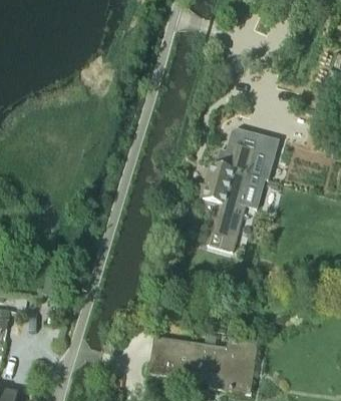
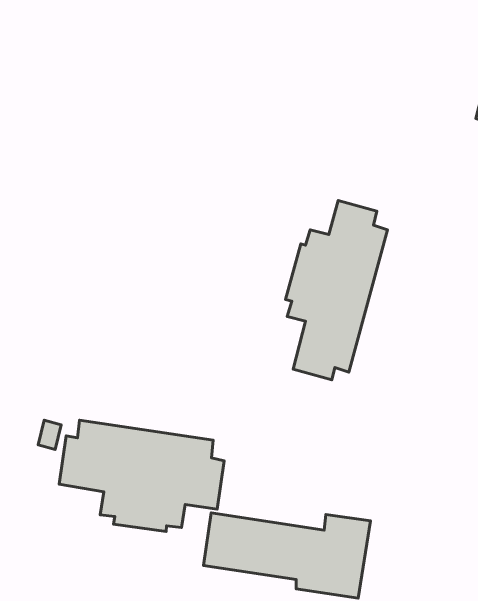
building: none -> [59,420,224,532]

